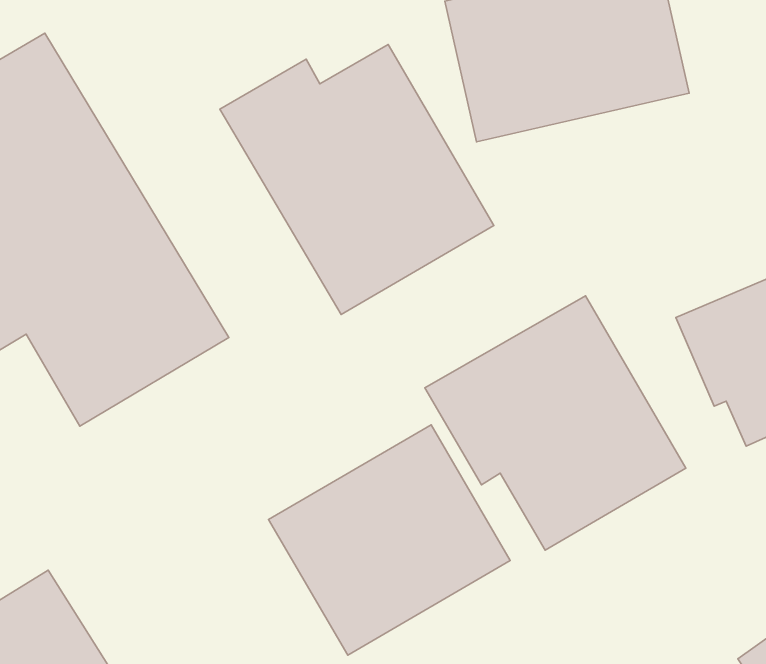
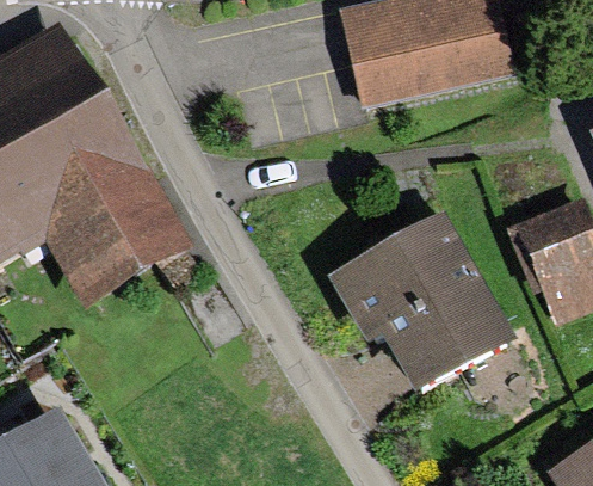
building: [220,44,494,315] -> none
building: [269,425,510,655] -> none

